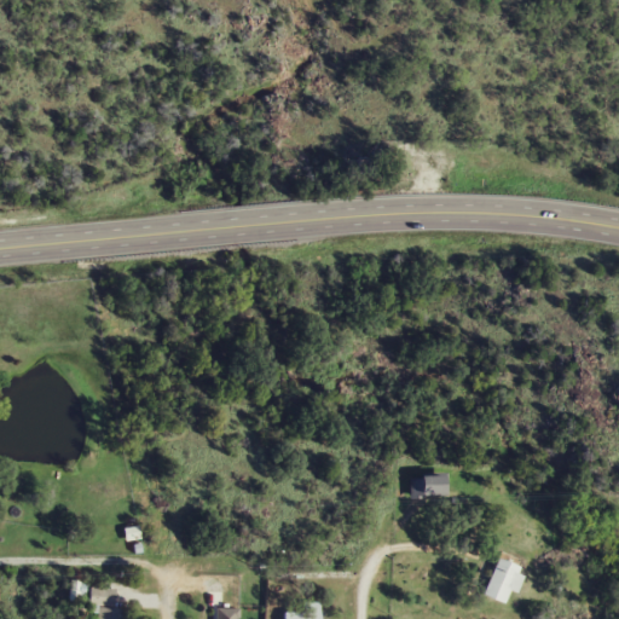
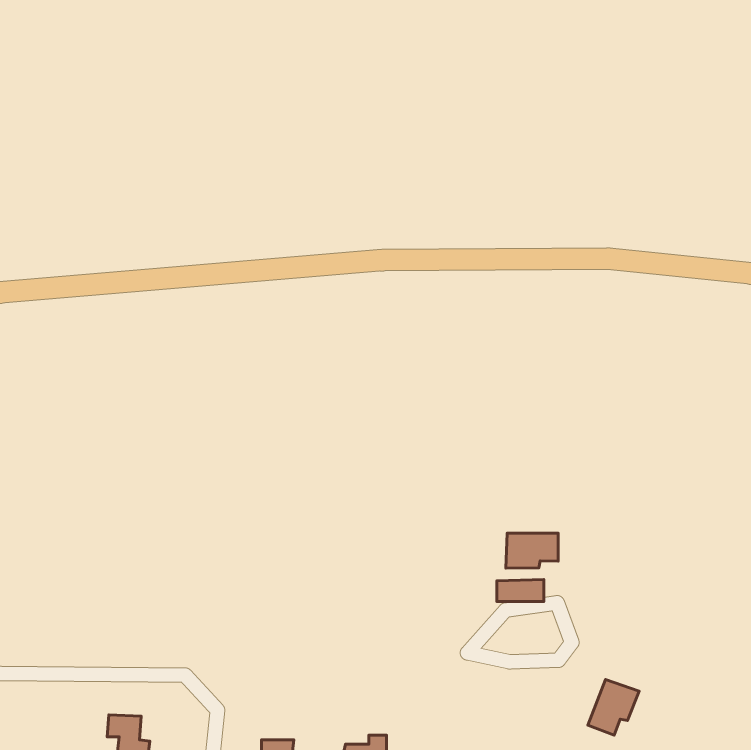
building: none -> [506,533,558,568]

